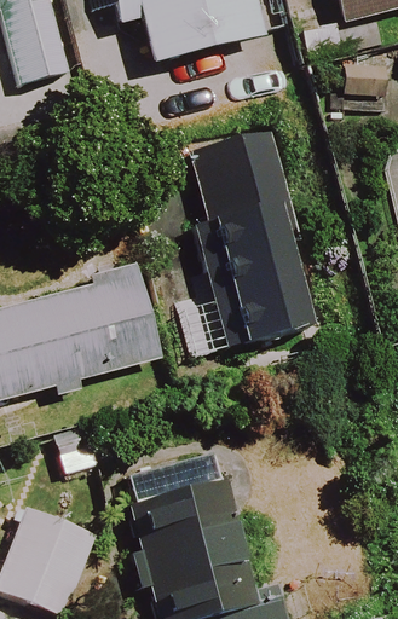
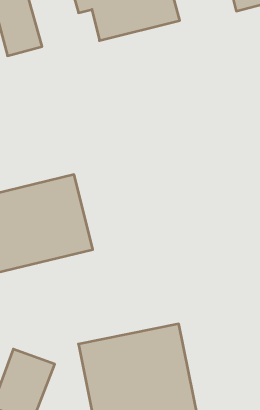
building: [195,133,308,343] -> none

